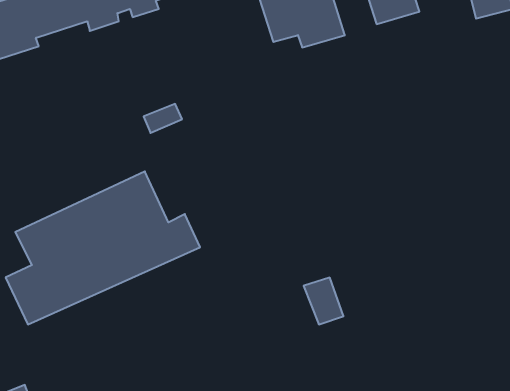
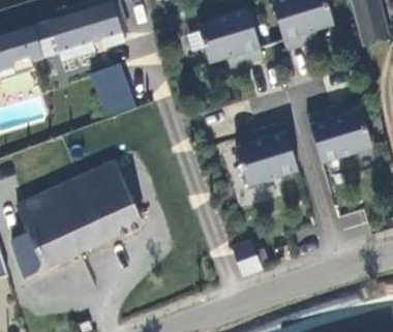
building: none -> [88,61,137,116]
building: none -> [307,104,372,163]
building: none -> [236,122,298,186]

